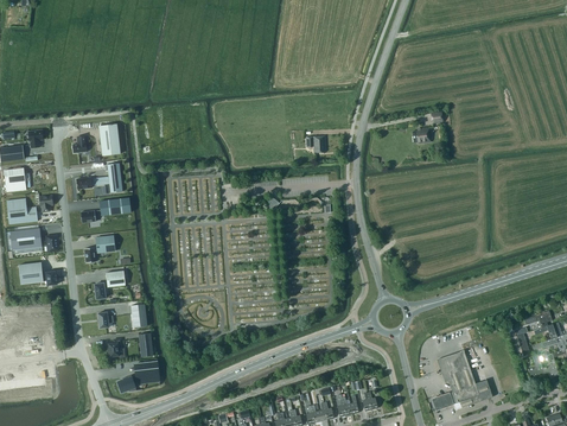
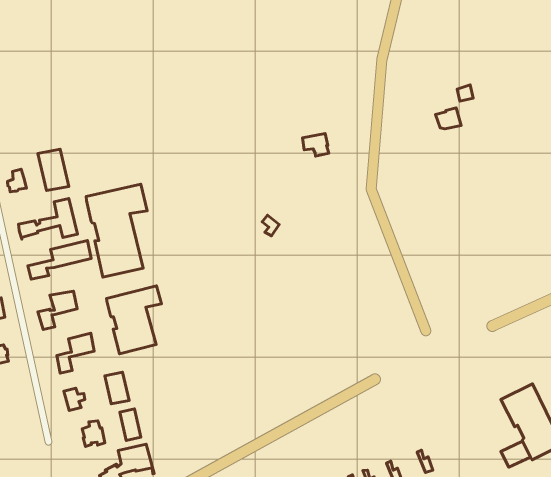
building: none -> [86,184,147,277]
building: none -> [106,286,161,354]

